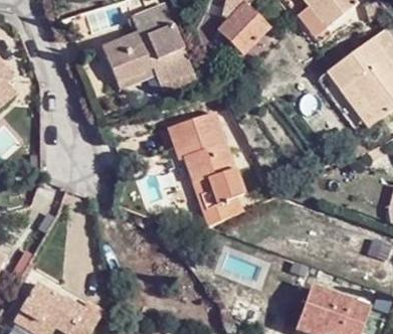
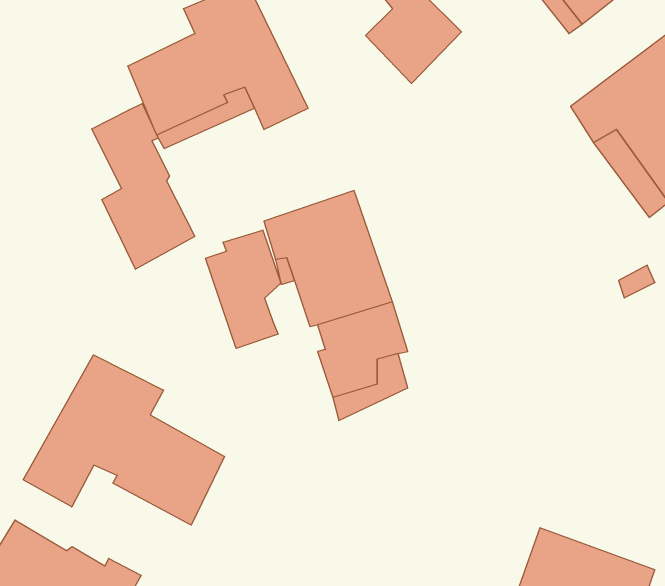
building: none -> [92,104,195,269]
building: none -> [206,230,281,348]
building: none -> [23,355,224,525]

